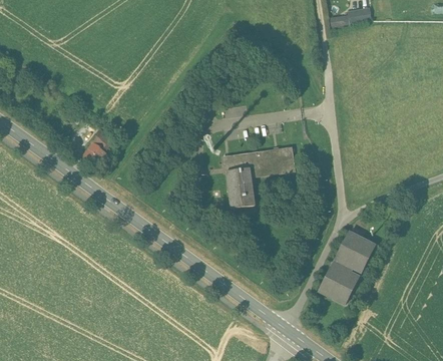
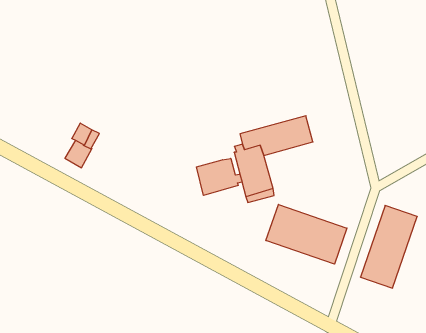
building: none -> [196,158,242,195]
building: none -> [266,204,347,264]

